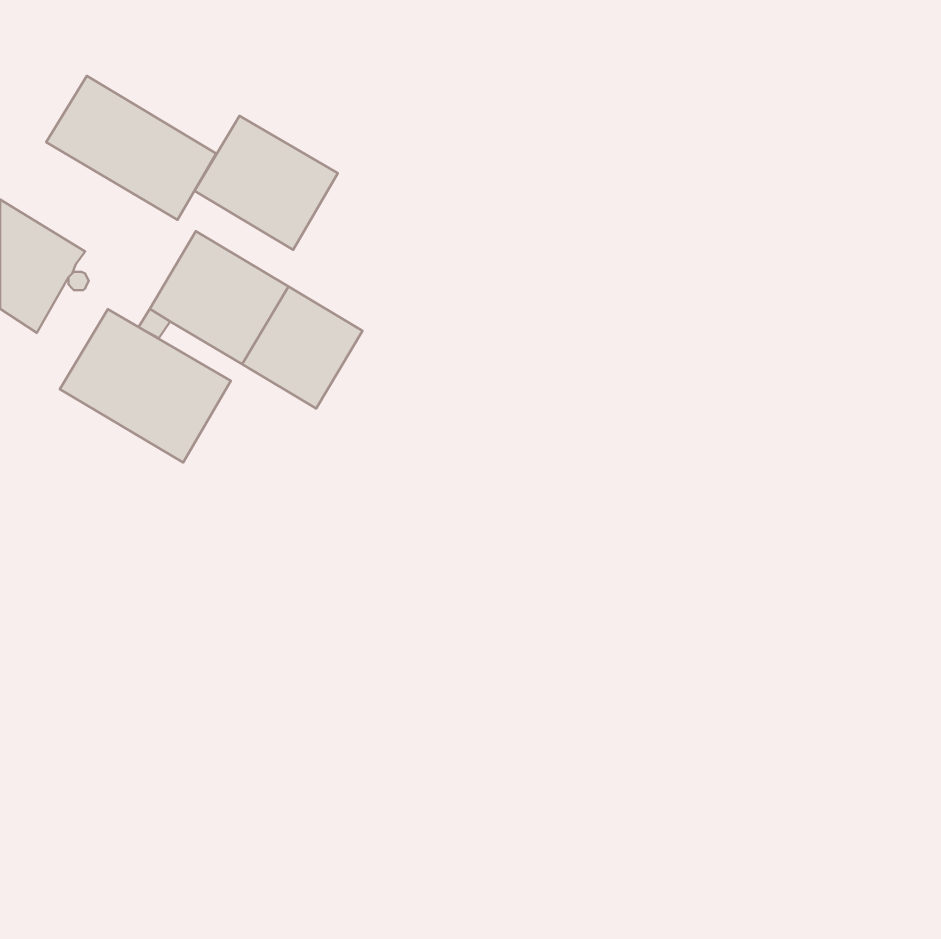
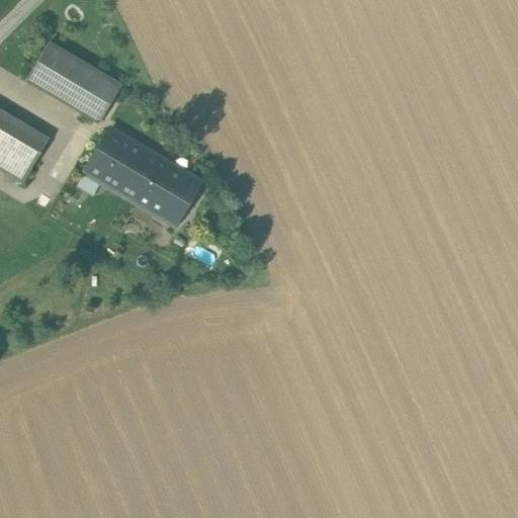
building: [194,116,338,250] -> none
building: [60,309,231,463] -> none

